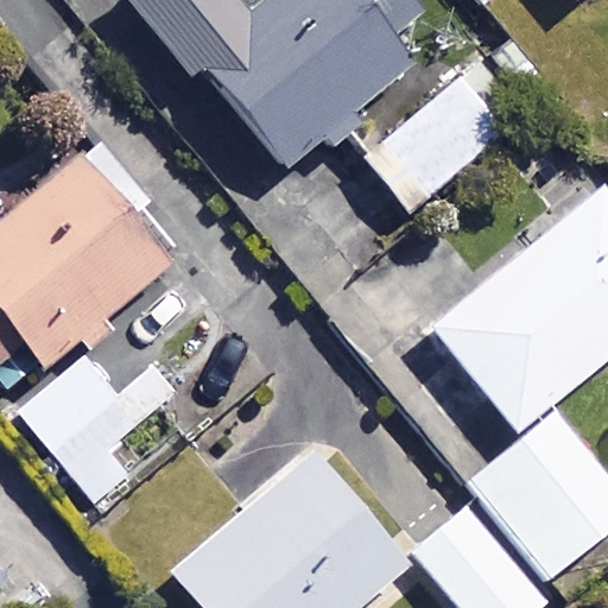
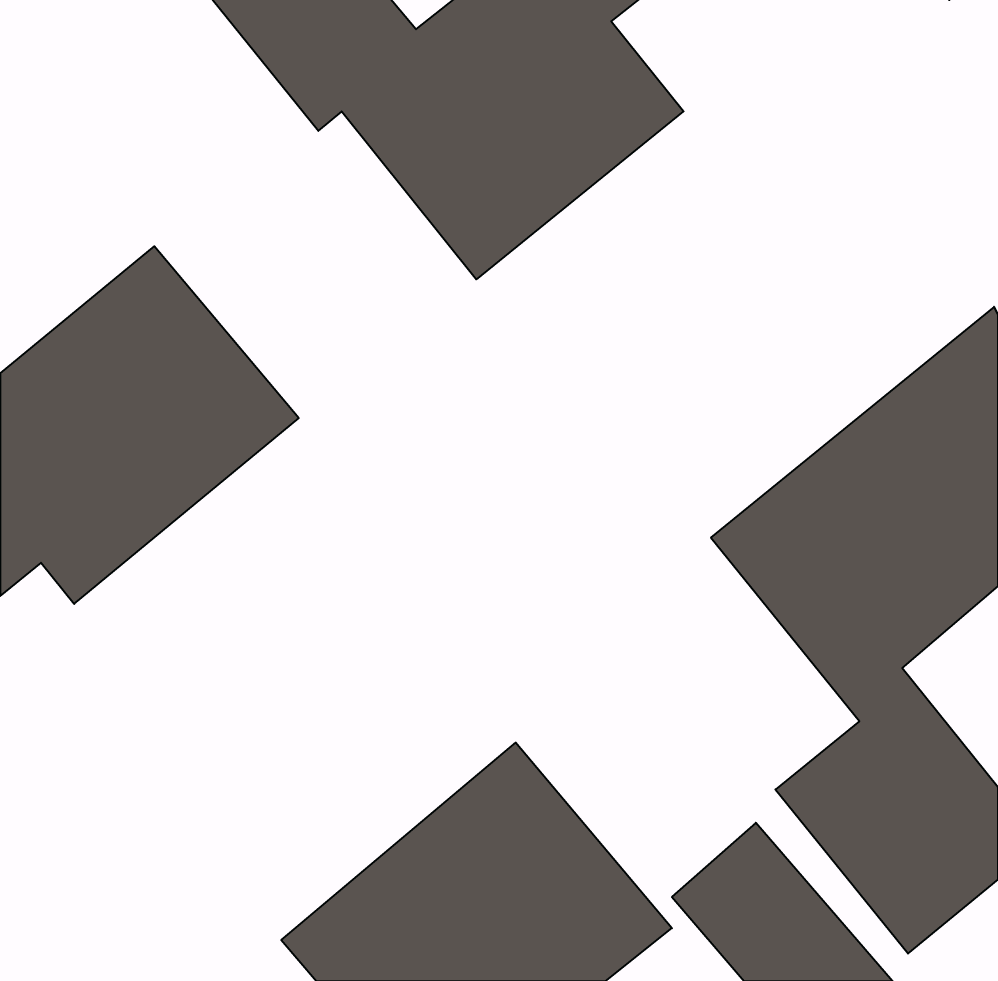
building: [360,71,511,215] -> none
building: [19,355,200,501] -> none

